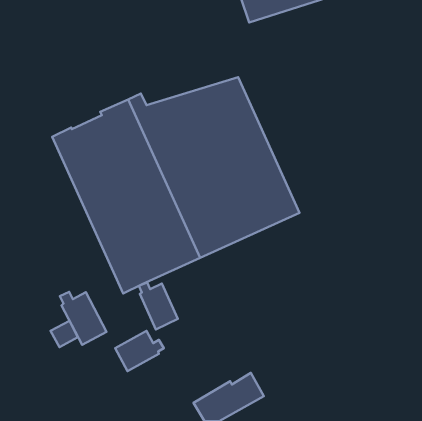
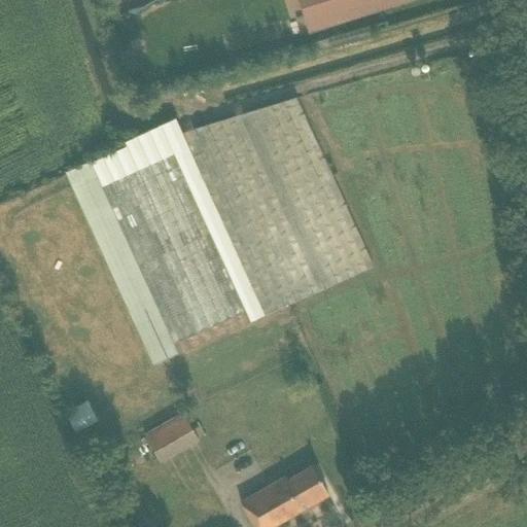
building: [139,283,178,329] -> none
building: [60,292,106,345] -> none

